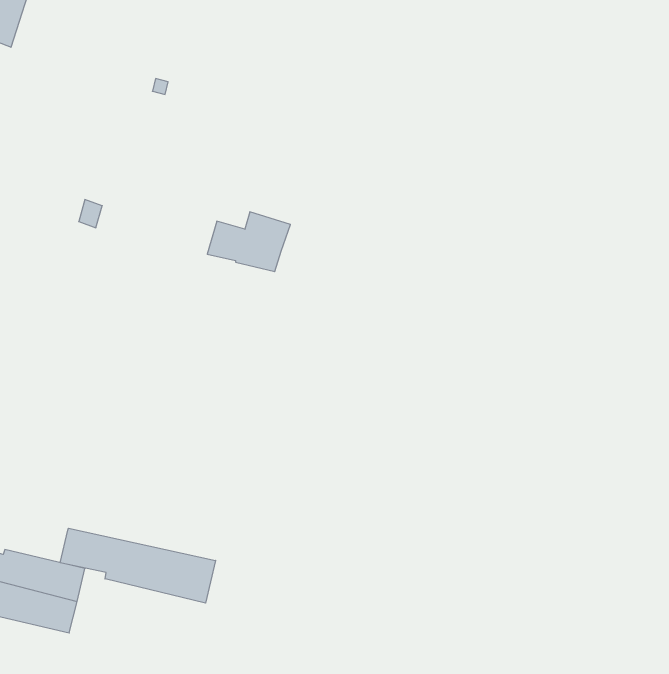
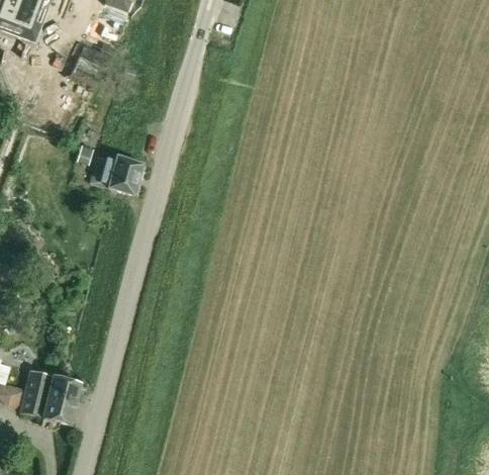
building: [207,212,290,272] -> [90,155,143,193]
building: [60,528,216,603] -> none

